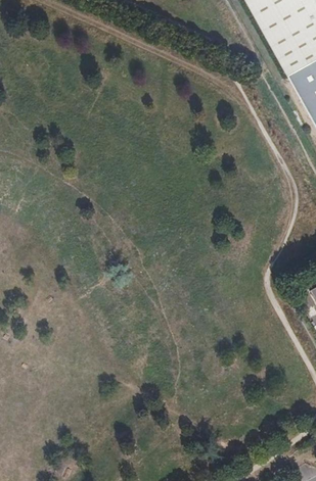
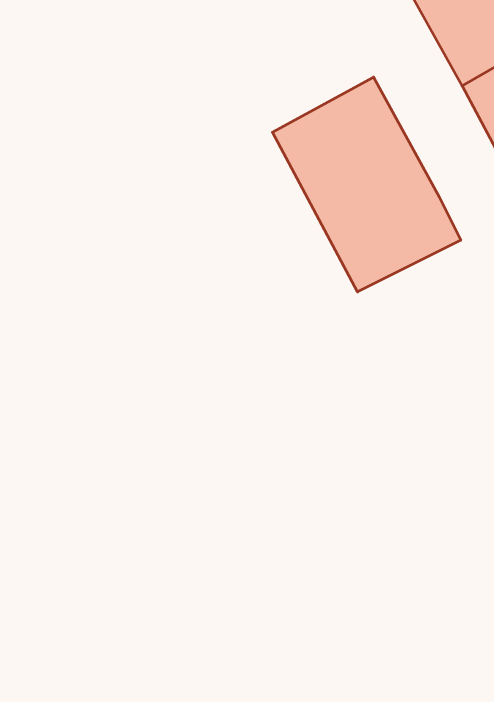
building: none -> [272,77,461,292]

